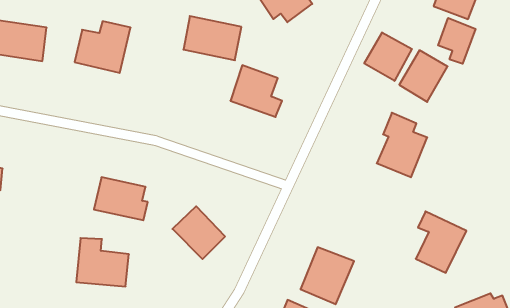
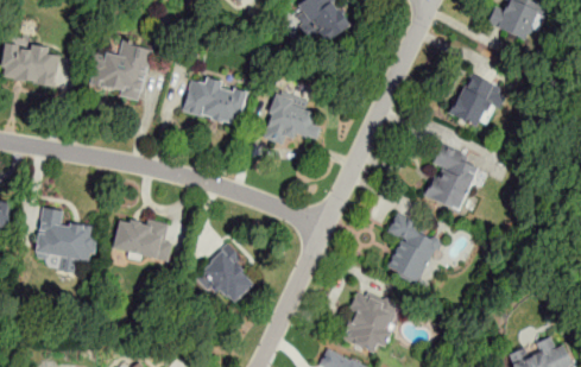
building: [183,16,241,60] -> [182,76,246,125]
building: [438,18,476,64] -> none
building: [364,32,412,81] -> none
building: [416,211,466,273] -> [385,216,441,284]
building: [76,238,129,286] -> [36,209,94,262]

